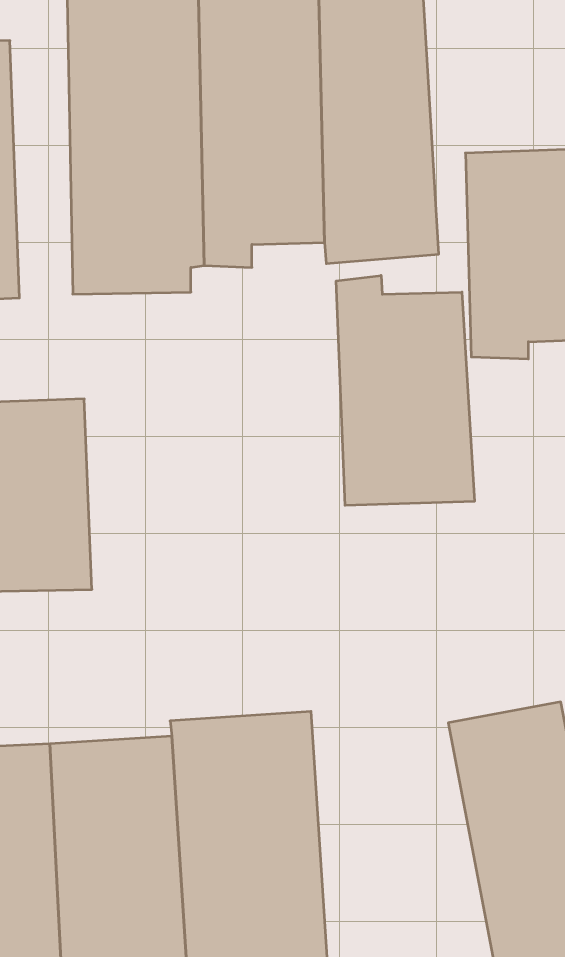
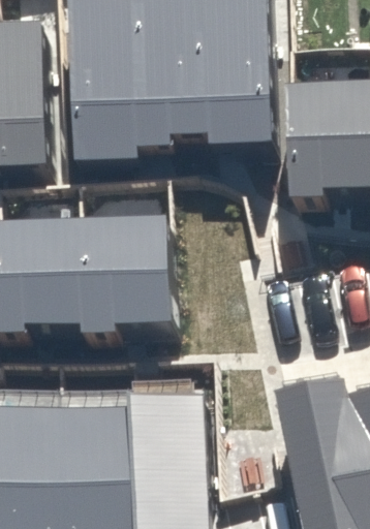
building: [336,275,474,505] -> none
building: none -> [80,214,168,329]

